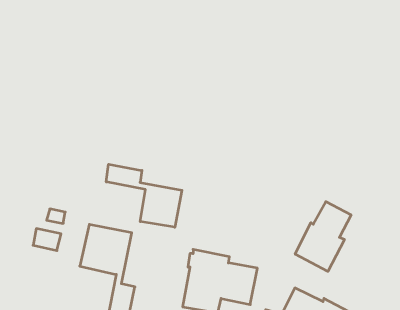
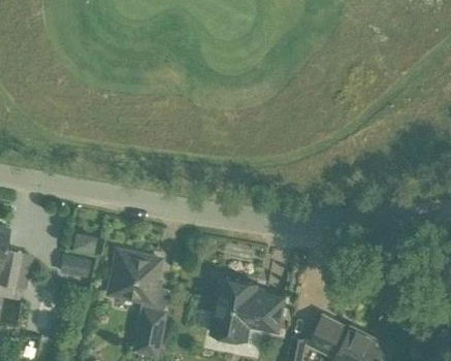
building: [106,164,182,227] -> none
building: [295,202,351,271] -> none

